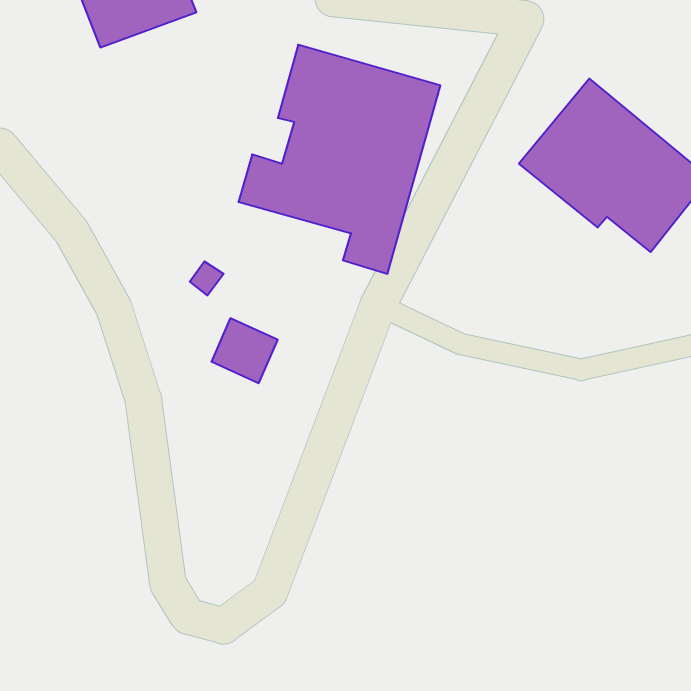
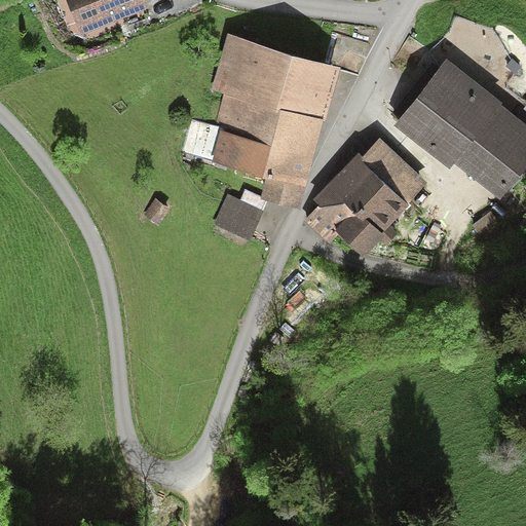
building: none -> [307,138,428,253]
building: [211,318,278,383] -> [214,194,264,243]

